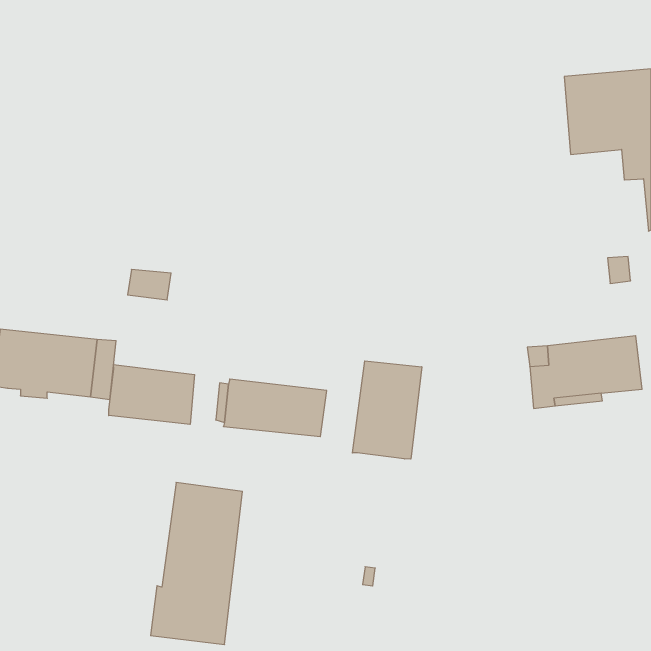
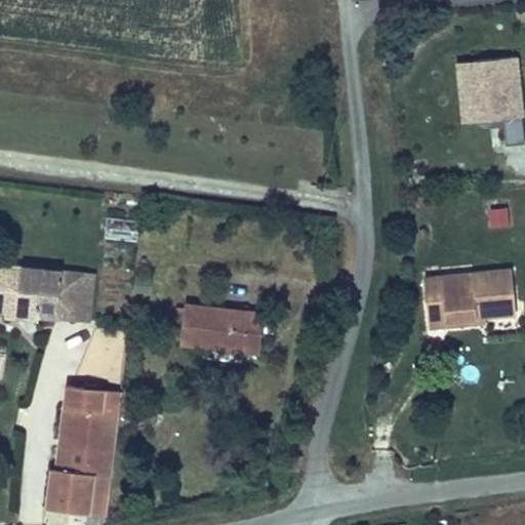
building: [352,361,422,459] -> none
building: [109,364,195,424] -> none
building: [151,482,242,645] -> [46,386,120,516]

